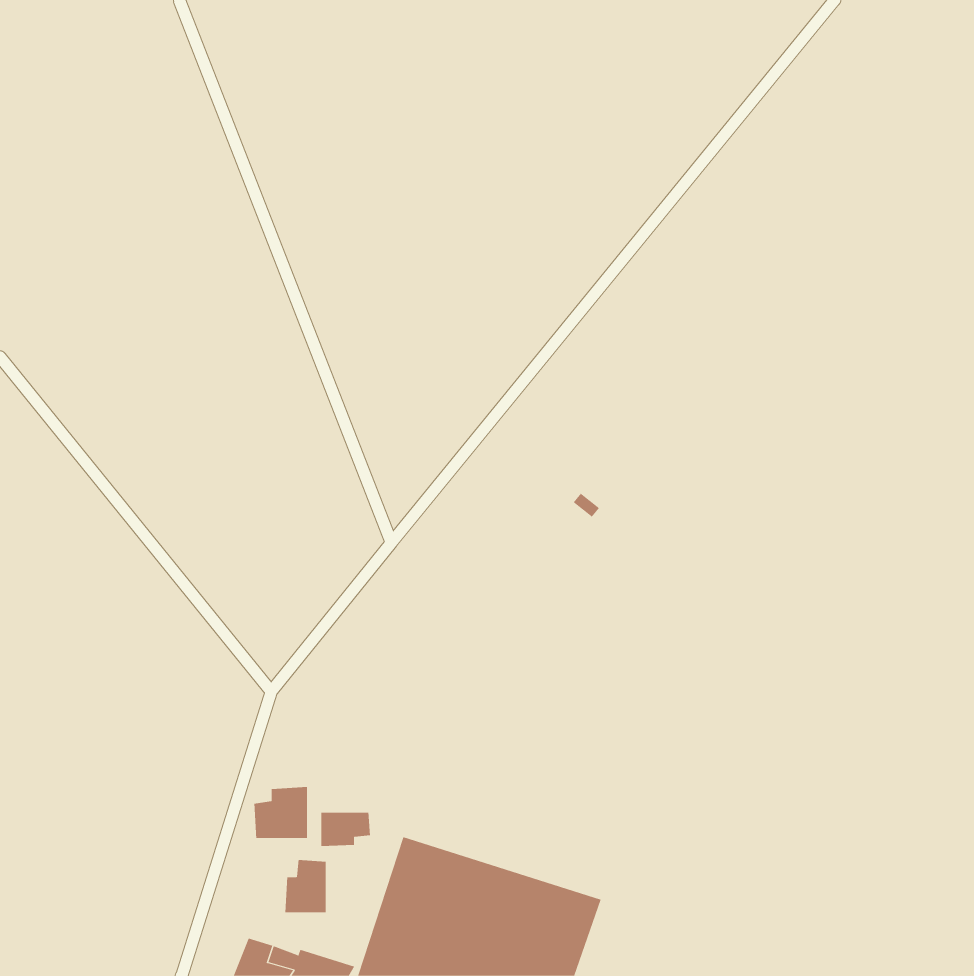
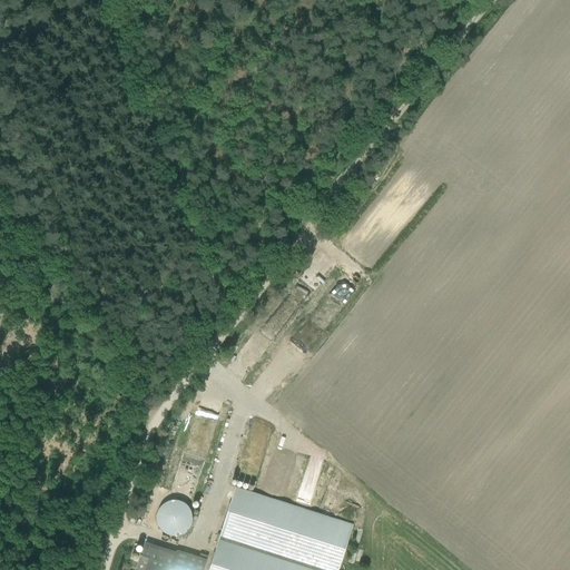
building: [254,786,308,839] -> none
building: [321,812,371,847] -> none

